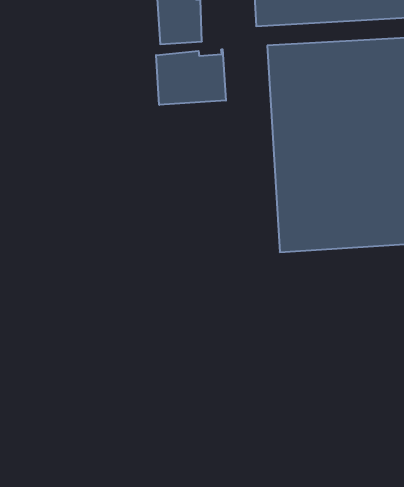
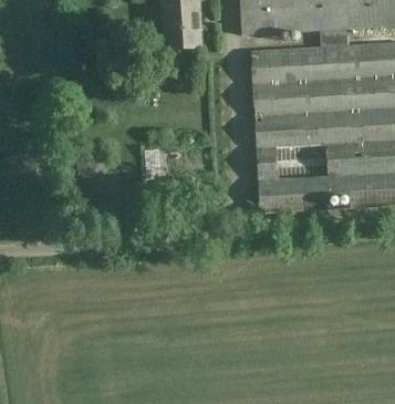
building: [156,49,226,105] -> none

